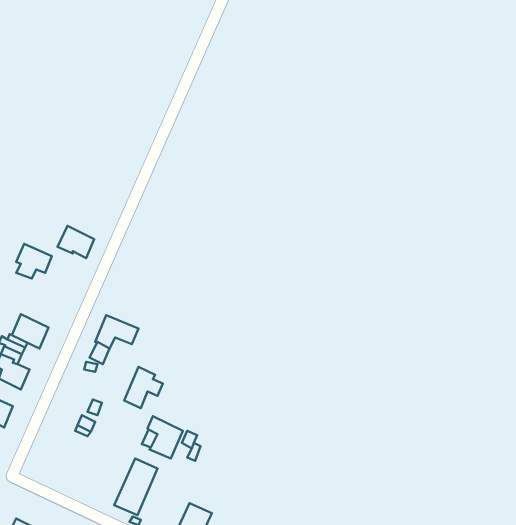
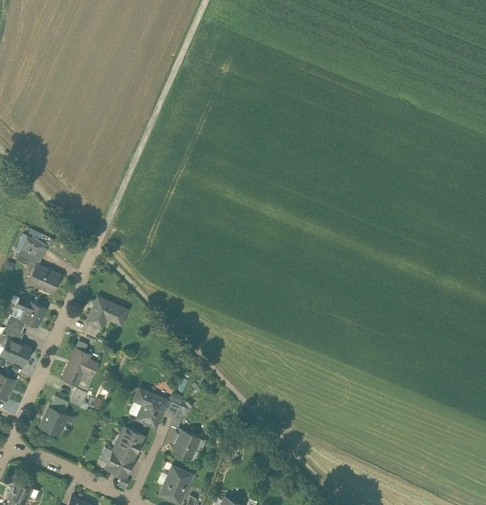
building: [57,226,94,258] -> [28,264,61,293]
building: [124,367,163,408] -> [63,348,98,385]
building: none -> [41,407,68,435]
building: none -> [173,431,200,458]

